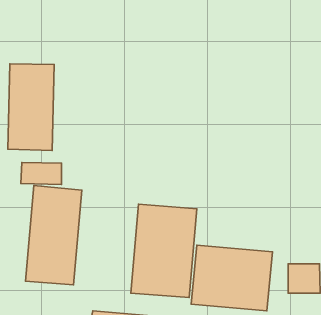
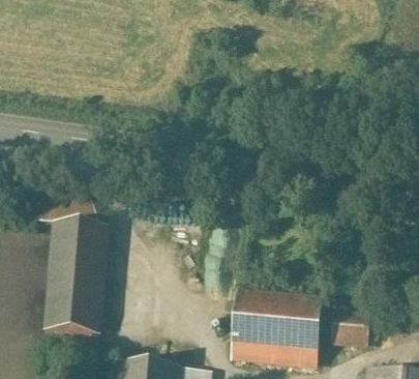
building: [8,64,54,150] -> none
building: [131,204,197,298] -> none

